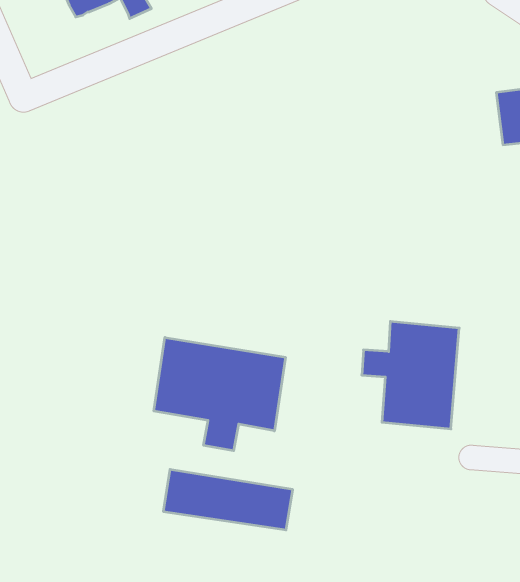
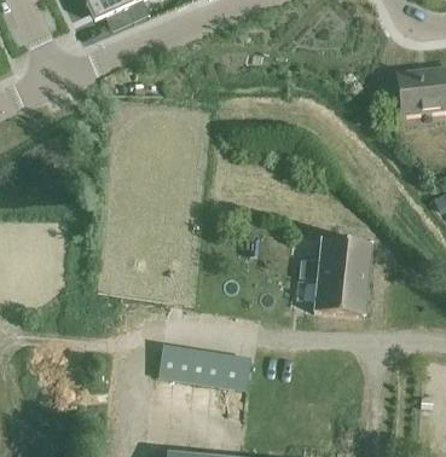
building: [154,337,285,451] -> none

